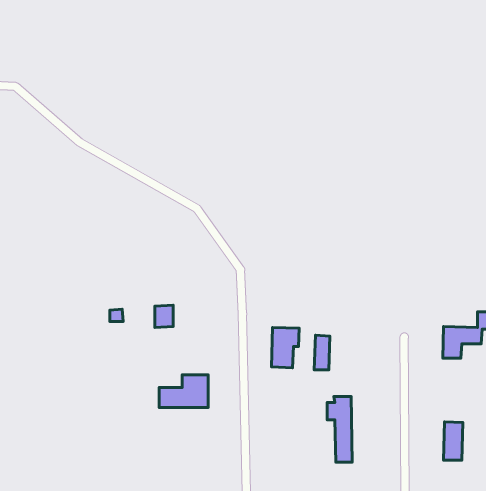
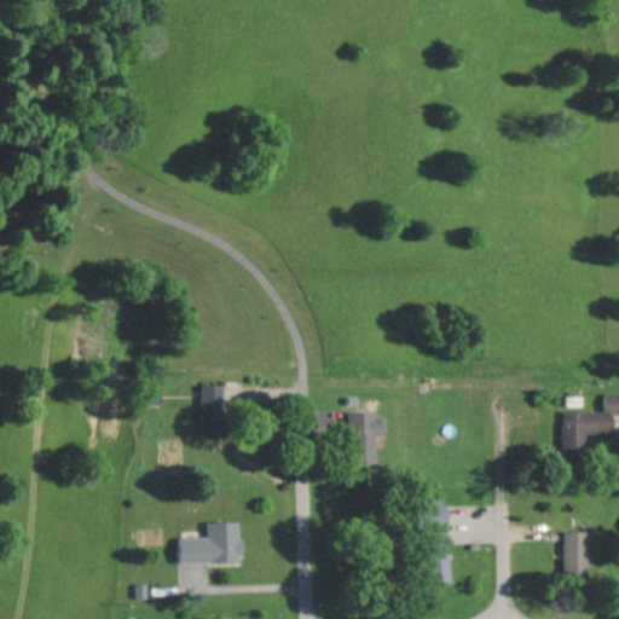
building: [314,335,330,370] -> none
building: [159,375,208,408] -> [179,522,241,563]

